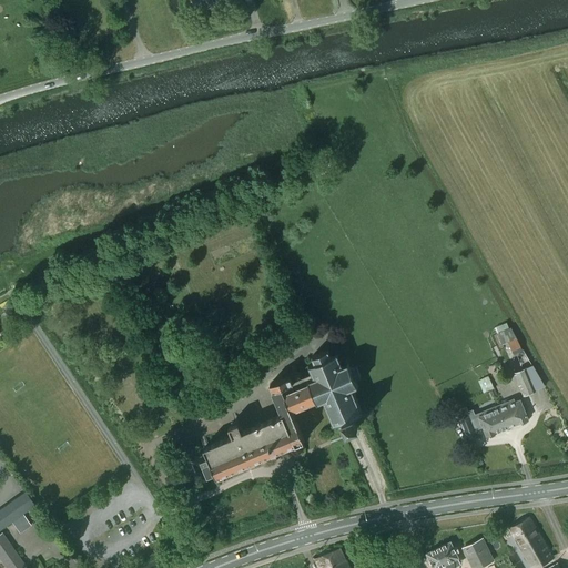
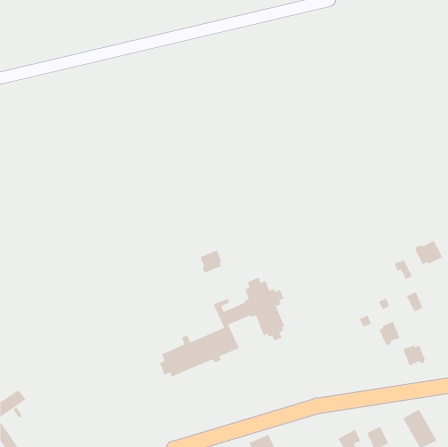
building: none -> [415,240,443,265]
building: none -> [200,249,222,273]
building: [497,402,527,429] -> [402,345,426,367]

